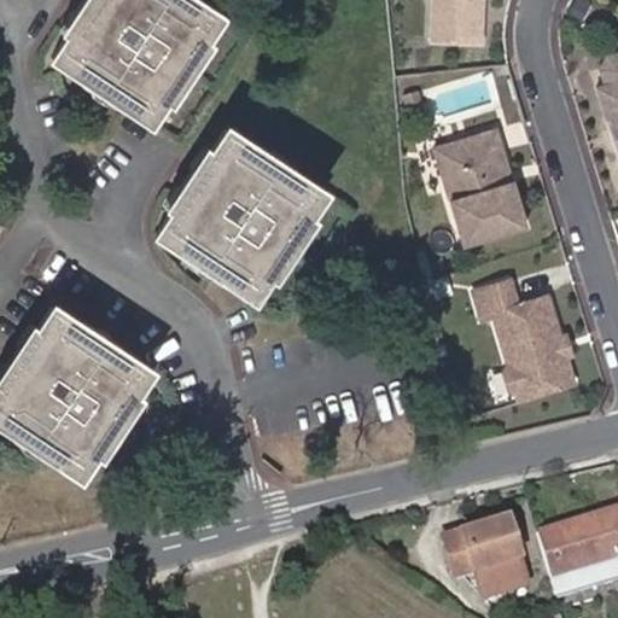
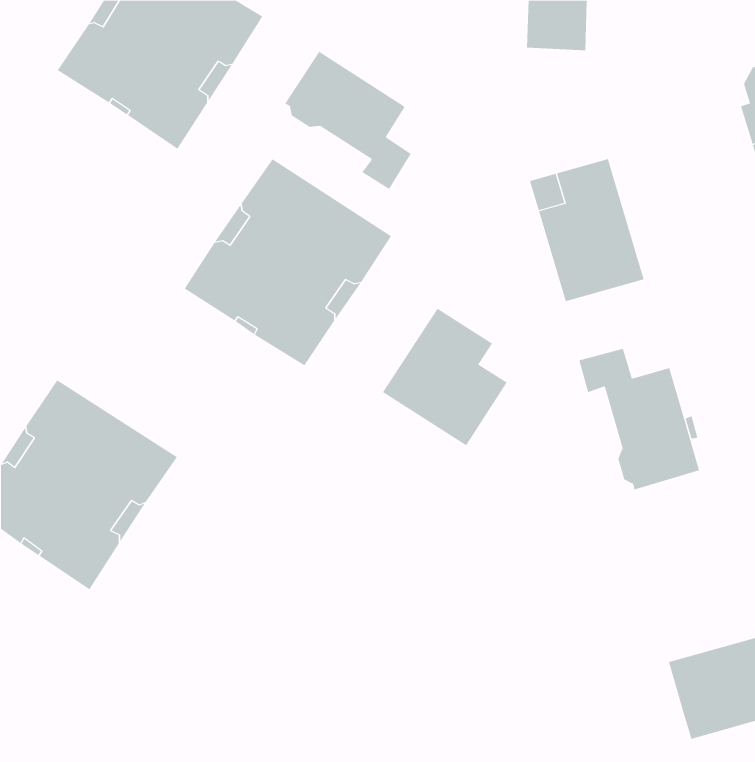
building: none -> [285,51,412,190]
building: none -> [382,308,508,446]
building: [453,519,532,596] -> none

